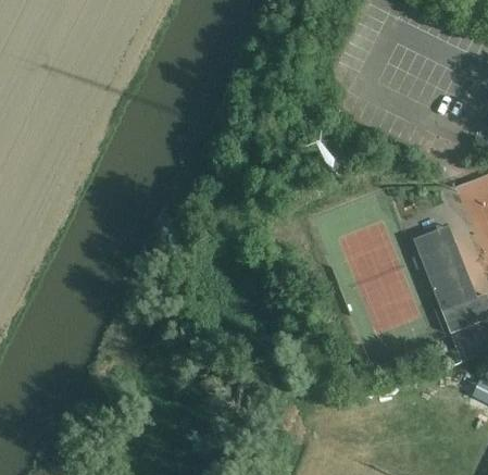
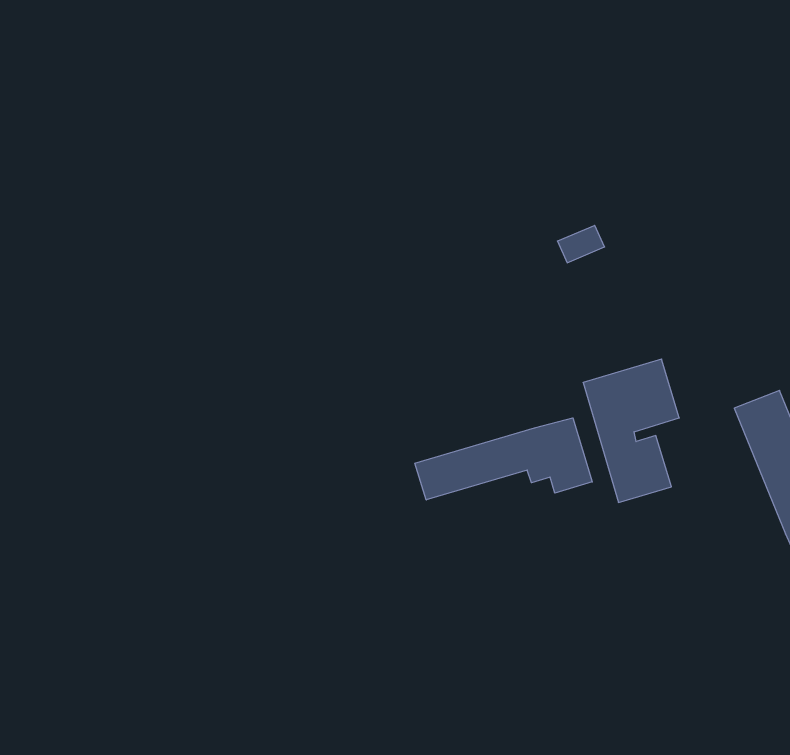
building: none -> [415,418,592,500]

